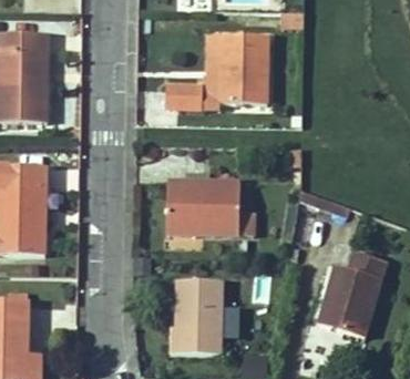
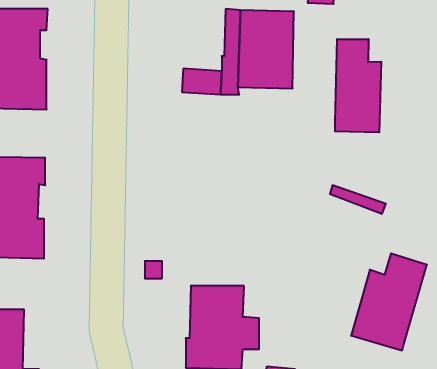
building: none -> [335,39,381,132]
building: [167,174,254,234] -> none

